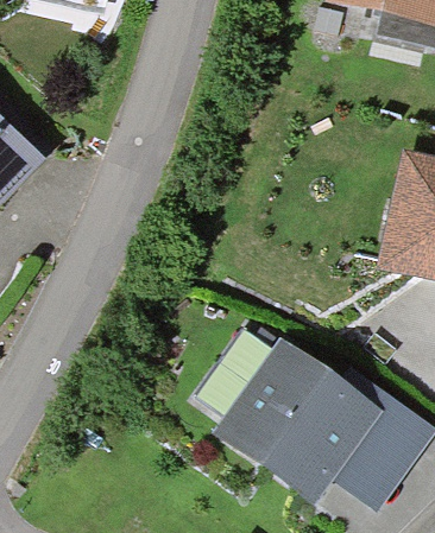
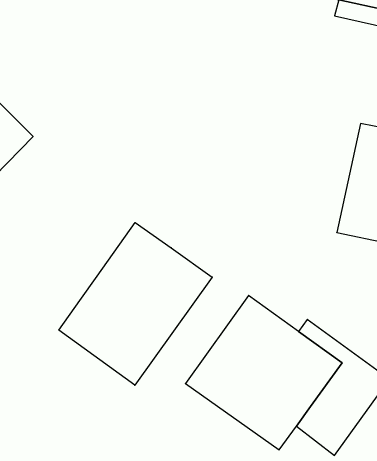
building: none -> [59,223,212,385]

